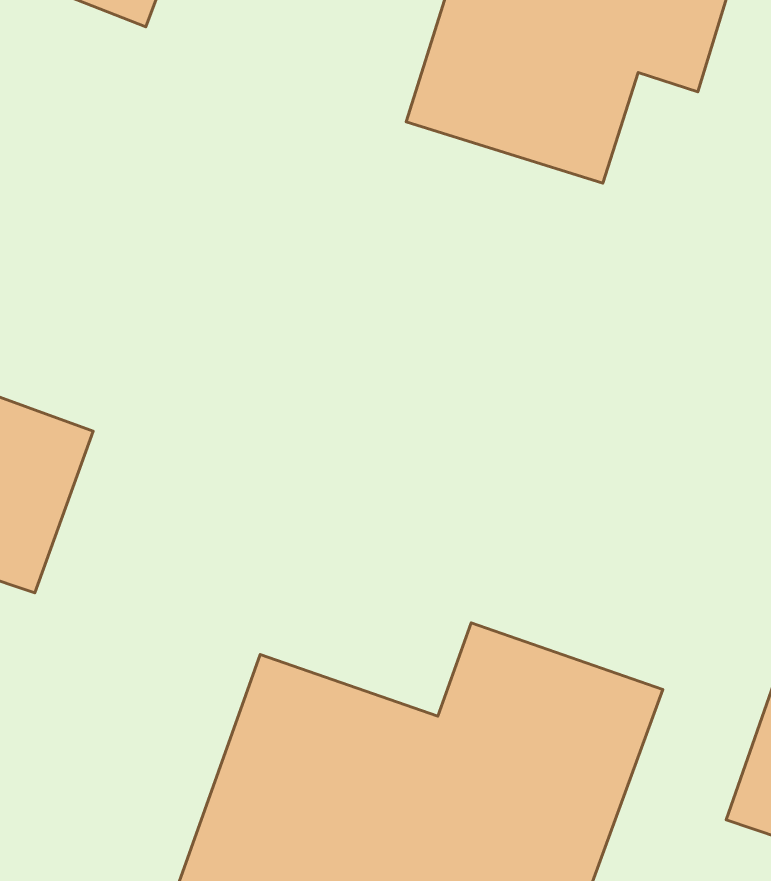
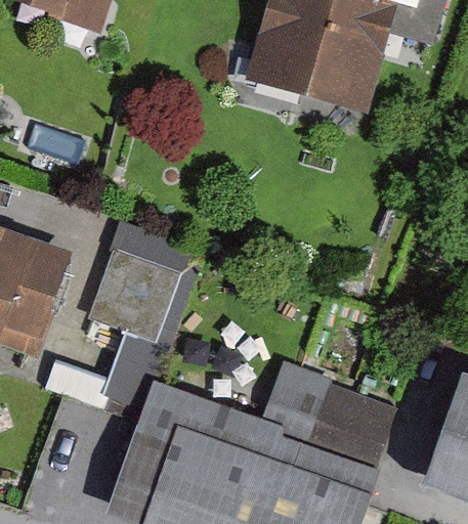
building: none -> [90,222,208,408]

